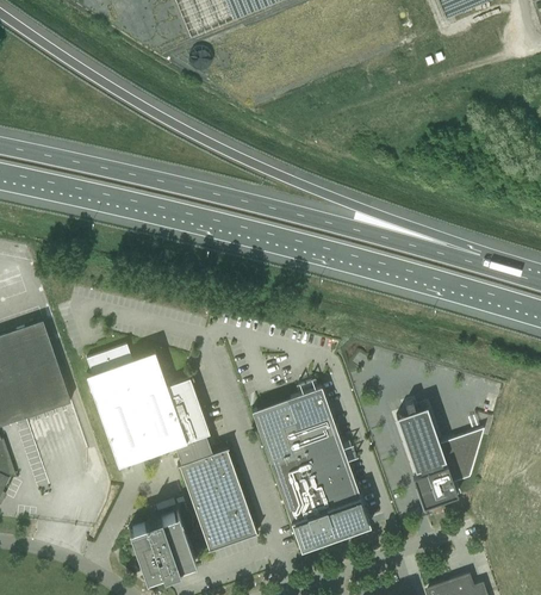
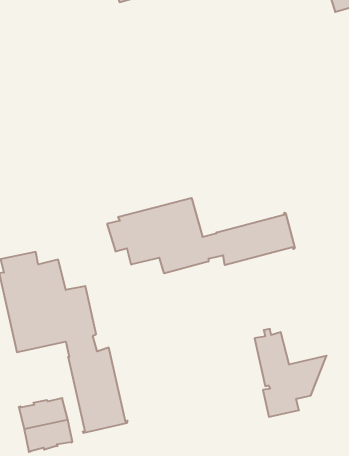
building: none -> [107,198,295,273]
building: [253,388,371,551] -> none

